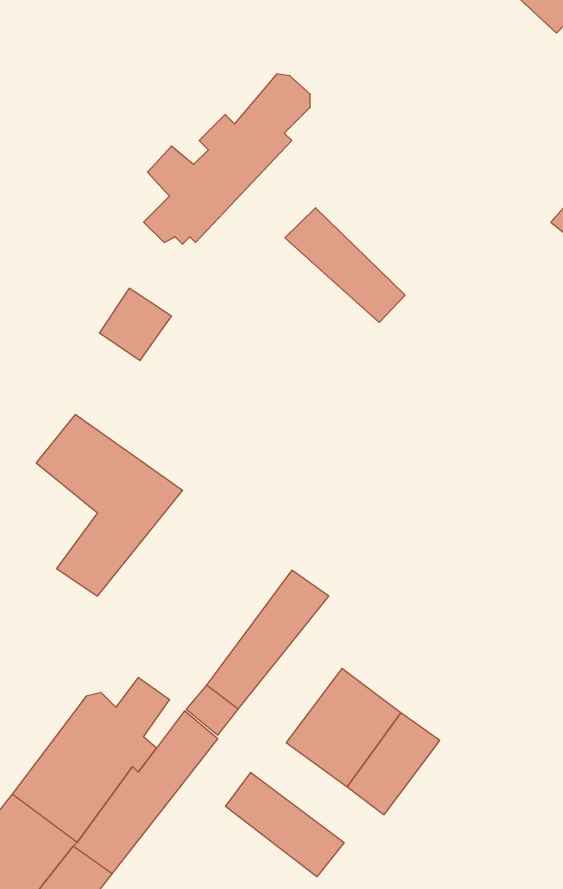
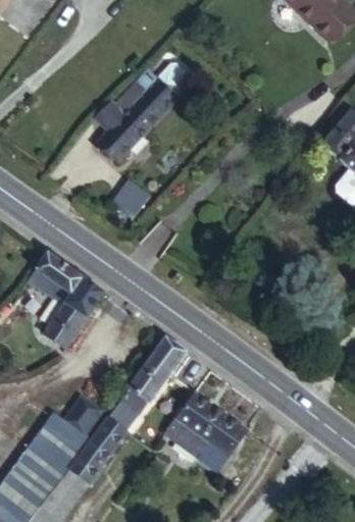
building: [285,208,405,322] -> none
building: [99,288,172,360] -> [113,177,153,217]
building: [225,772,344,877] -> none

